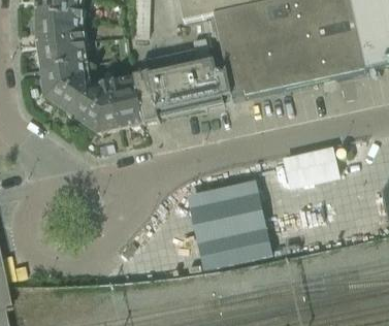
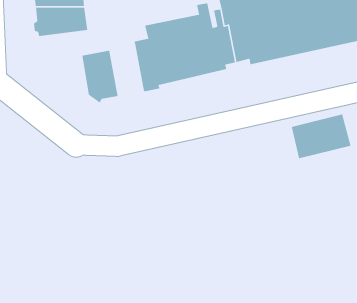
building: [41,63,92,125] -> none
building: [111,76,143,126] -> none
building: [186,188,269,271] -> none

